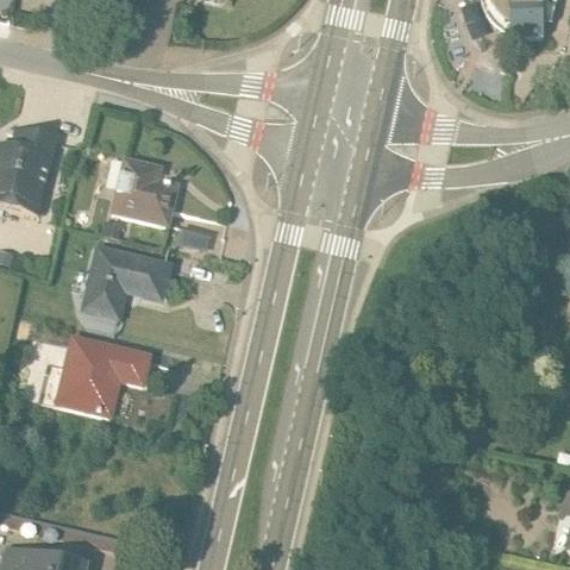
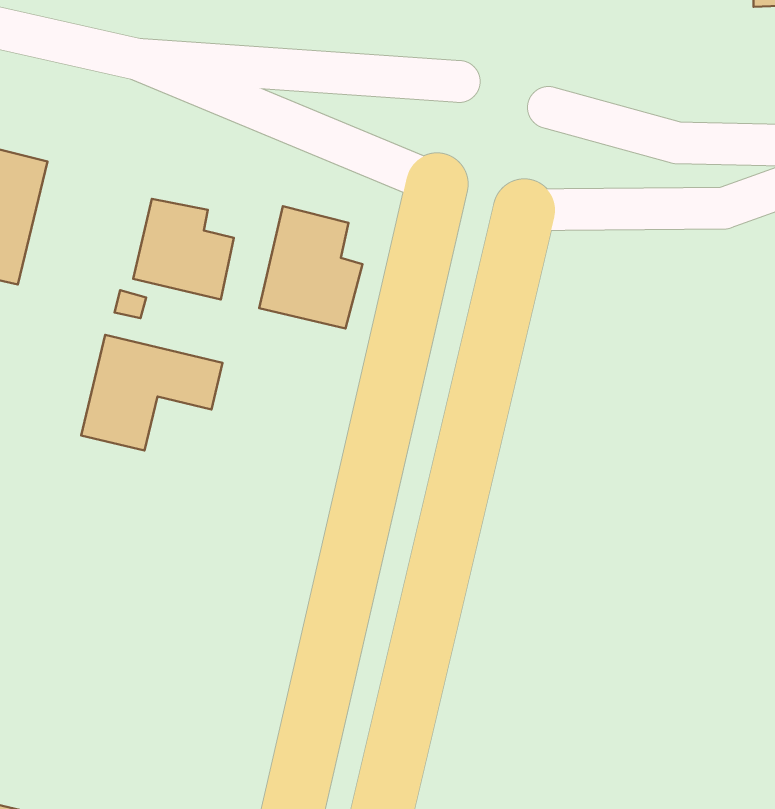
building: none -> [259,206,362,328]
building: [54,333,152,419] -> none

